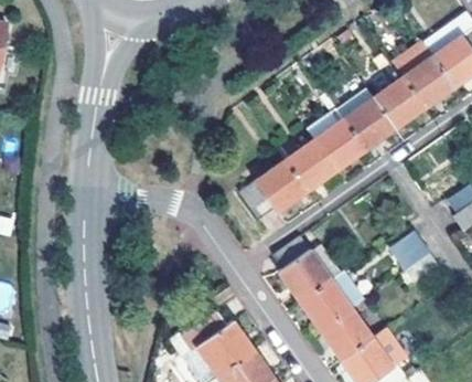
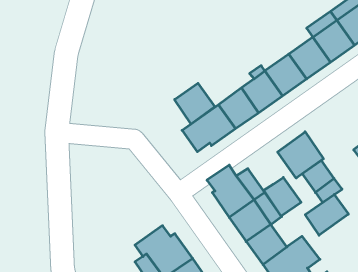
building: none -> [175,83,215,124]
building: none -> [278,132,323,178]
building: none -> [264,177,301,216]
building: none -> [305,194,348,235]

